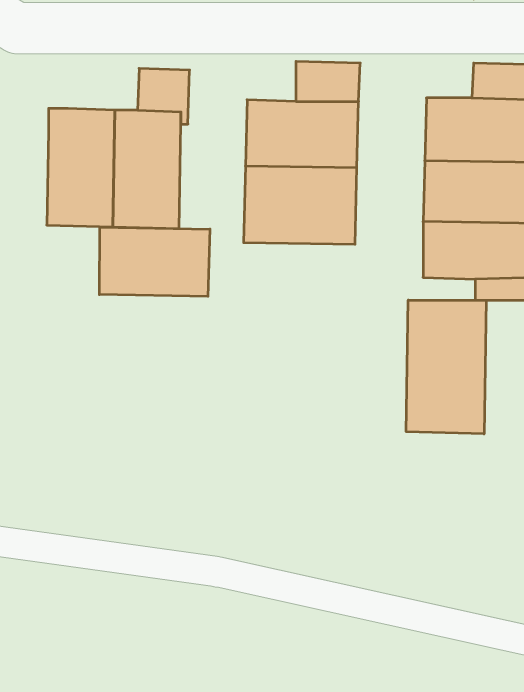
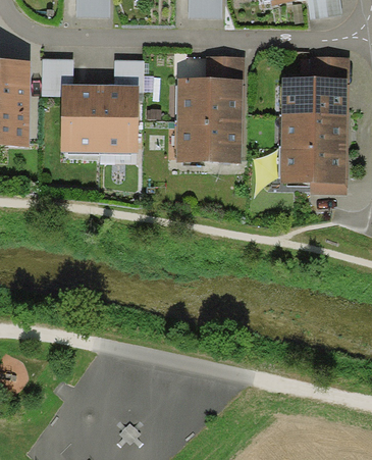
building: none -> [42,57,72,96]
building: [99,227,210,296] -> none
building: [406,300,486,434] -> none

